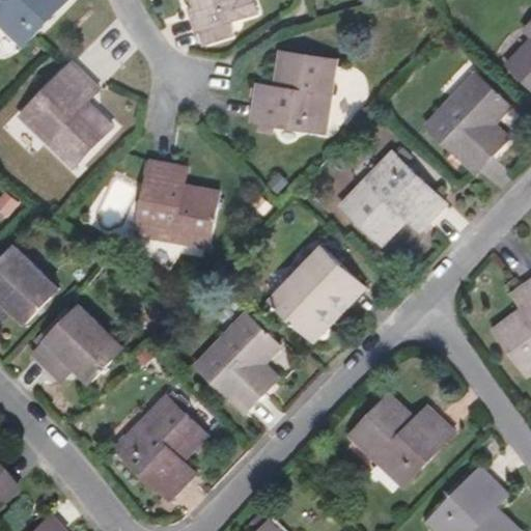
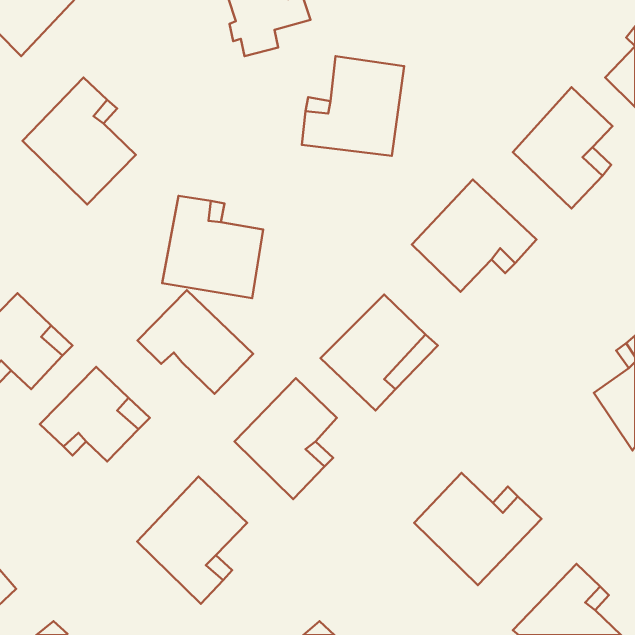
building: none -> [138,290,253,394]

